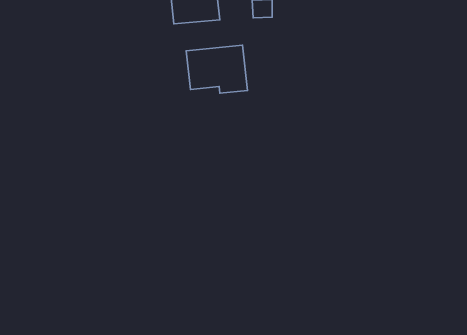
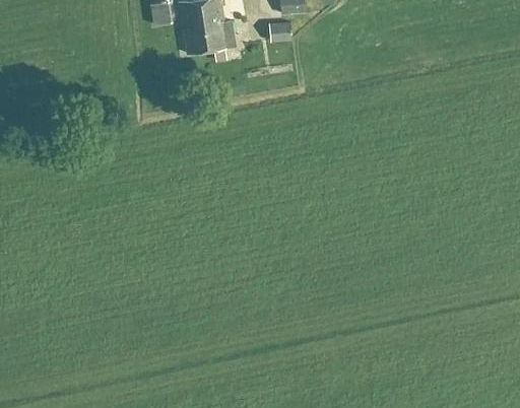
building: [186,45,248,93] -> none

